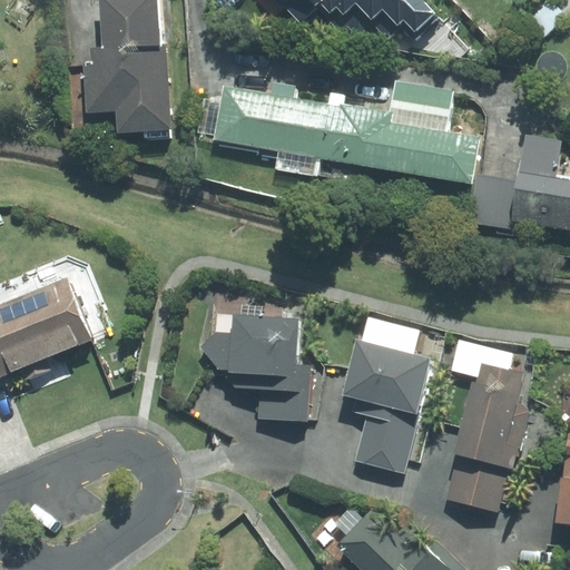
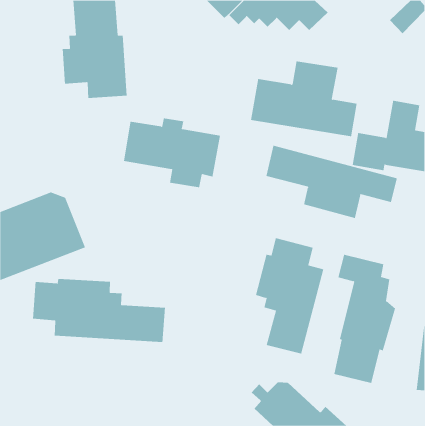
building: [214,81,344,175] -> [123,118,221,188]
building: none -> [266,145,397,219]
building: [198,316,309,421] -> none
building: none -> [32,278,165,343]

